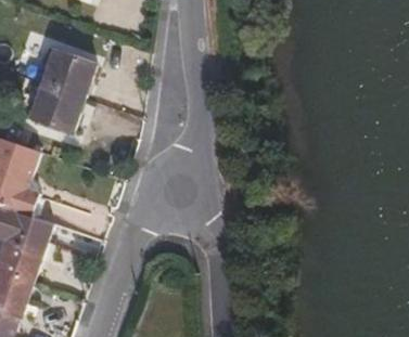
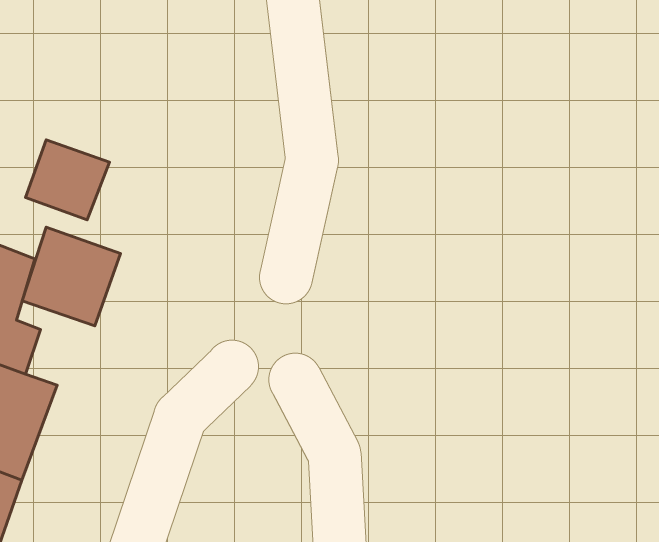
building: [44,50,93,96] -> none
building: none -> [22,227,120,326]

